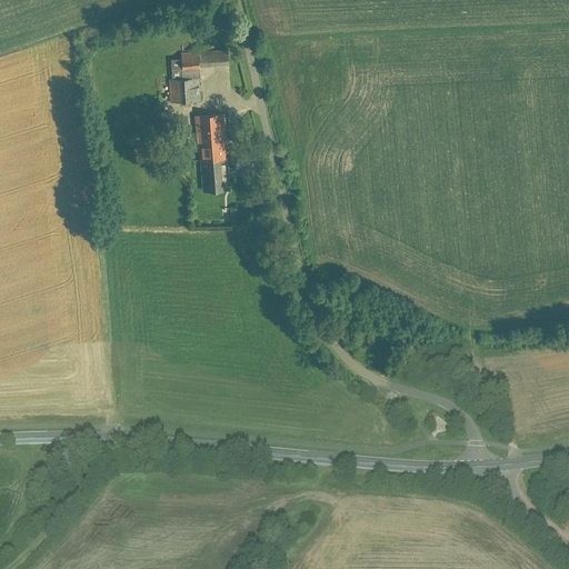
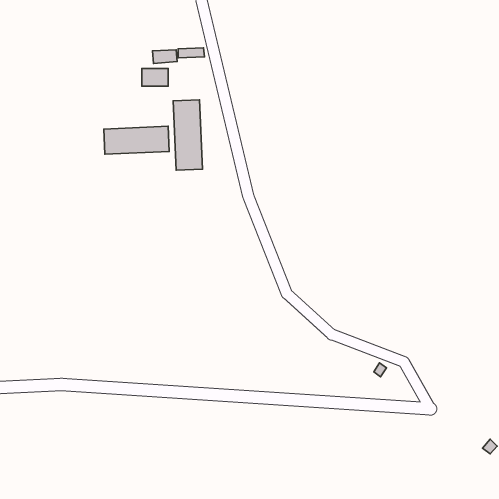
building: none -> [104,126,169,154]

